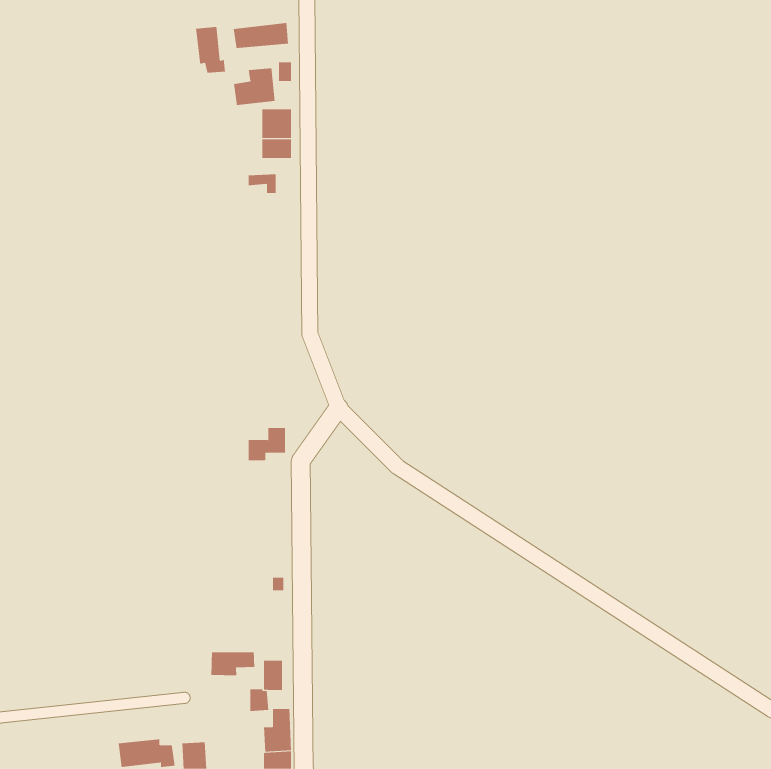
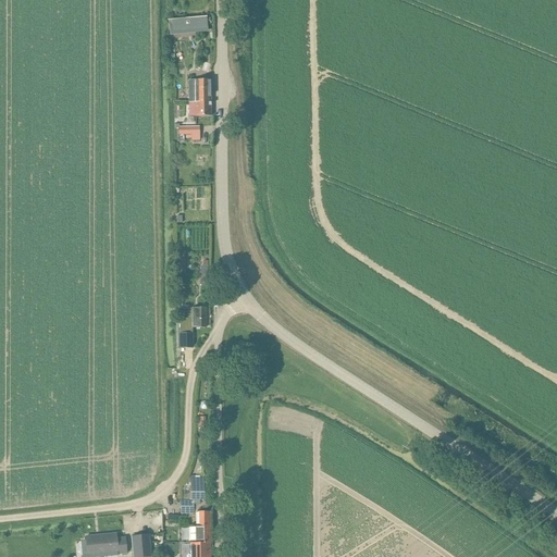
building: [196,26,226,74] -> none
building: [233,68,275,106] -> none
building: [211,652,255,676] -> none

